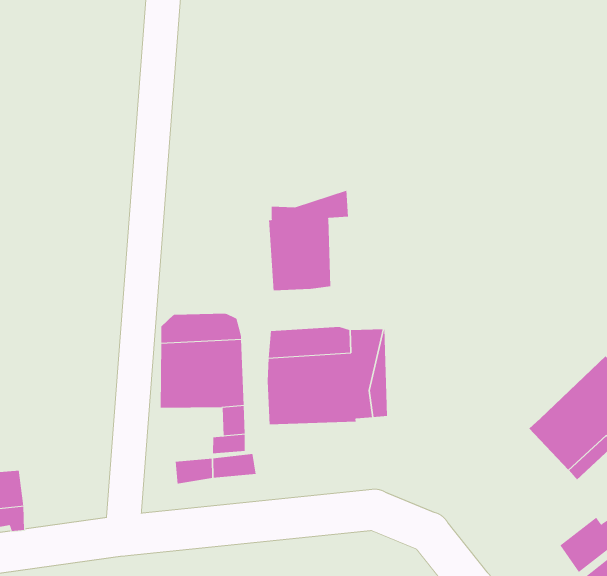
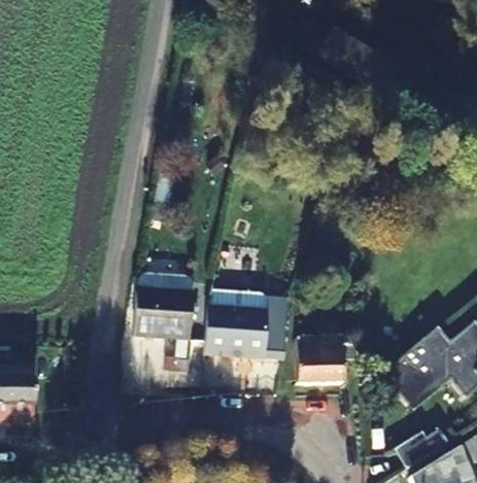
building: [269,190,348,291] -> none
building: none -> [298,334,344,384]

